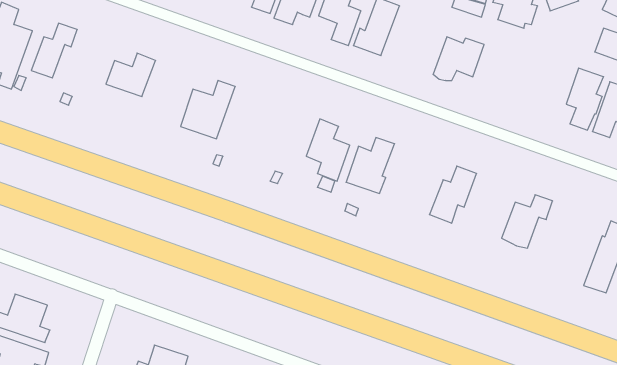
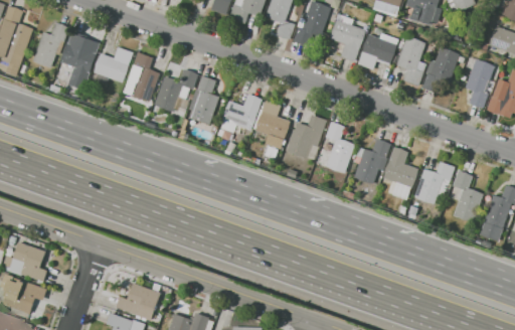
building: none -> [329,13,366,60]
building: none -> [60,30,97,90]
building: none -> [395,36,425,86]
building: none -> [421,46,460,93]
building: none -> [122,51,159,102]
building: none -> [186,74,218,125]
building: none -> [218,94,262,138]
building: none -> [315,122,355,174]
building: none -> [382,146,417,188]
building: none -> [452,170,483,223]

